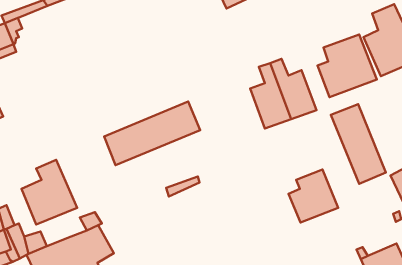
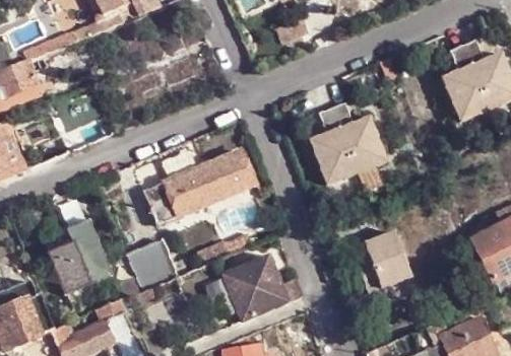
building: [317,35,377,97] -> none
building: [331,104,386,184] -> none
building: none -> [124,241,173,292]
building: none -> [226,253,300,316]

